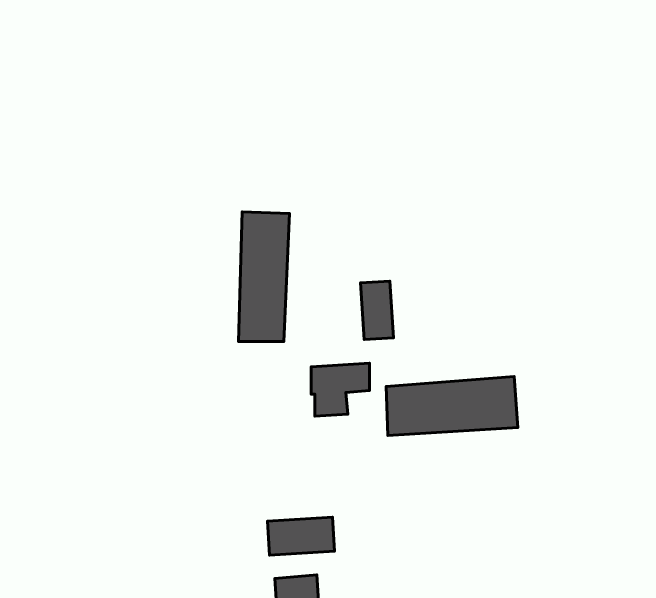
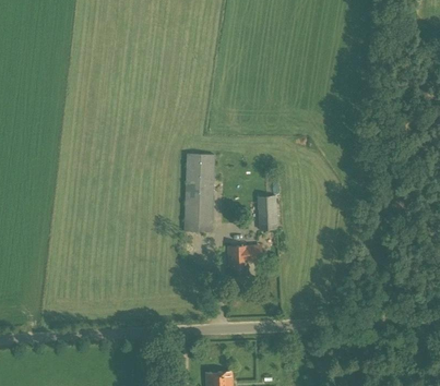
building: [386,377,518,436] -> none
building: [267,517,335,555] -> none

